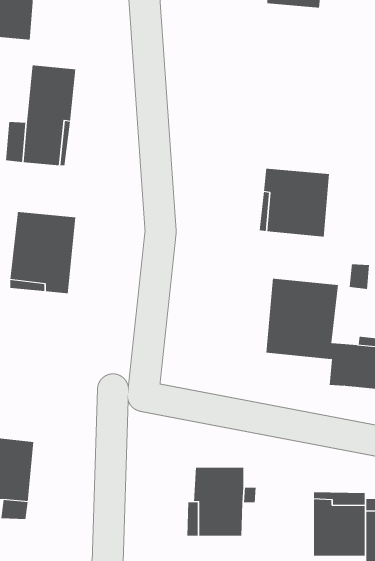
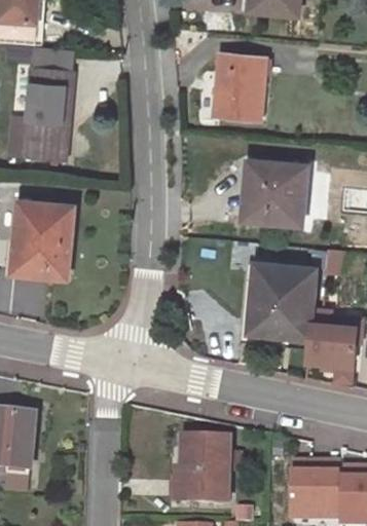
building: none -> [32,44,74,70]
building: none -> [215,52,266,119]

